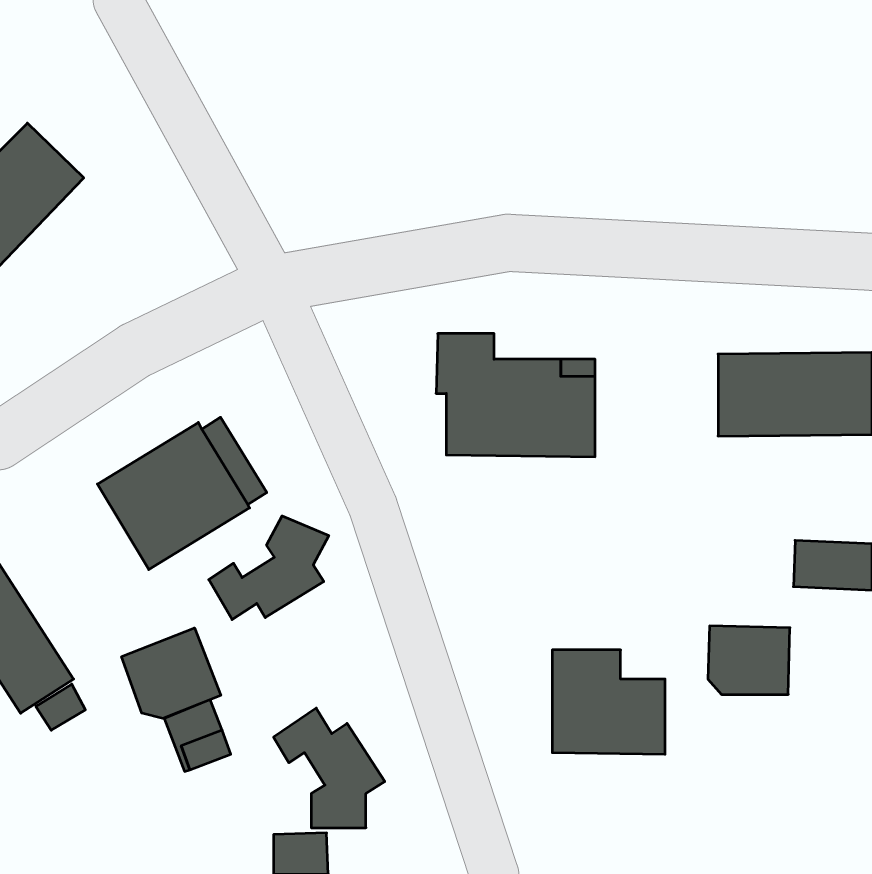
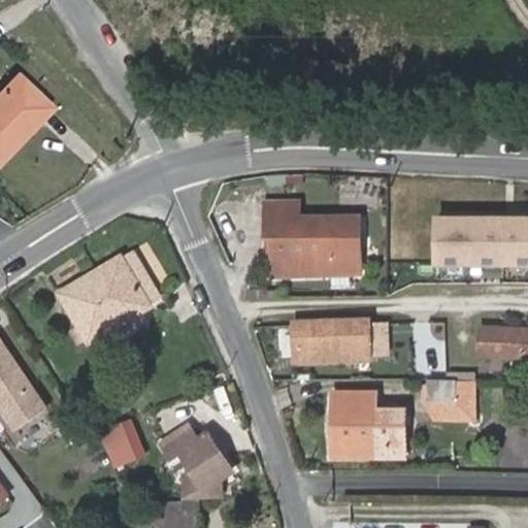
building: [209,516,329,620] -> none
building: none -> [294,321,387,360]
building: [122,628,221,718] -> none

